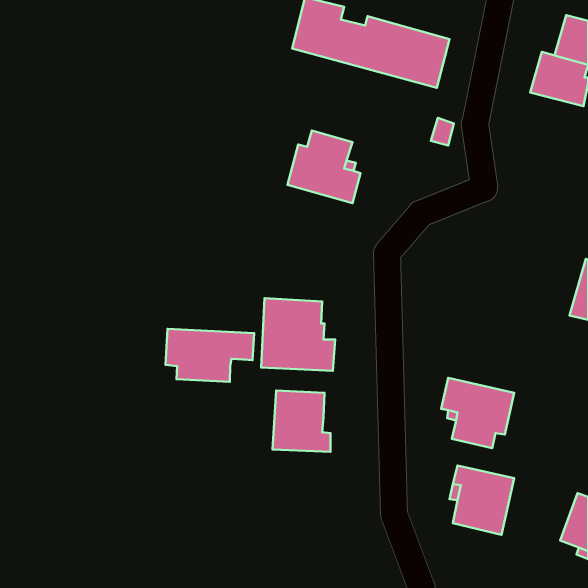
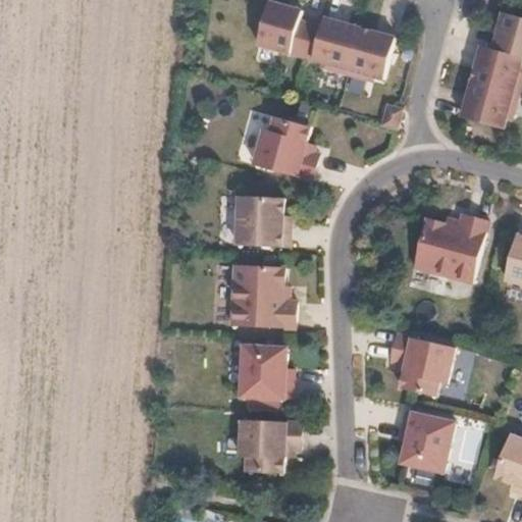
building: none -> [459,82,515,128]
building: none -> [236,196,289,248]
building: none -> [411,213,487,282]
building: [165,329,254,382] -> none
building: none -> [240,419,301,473]

